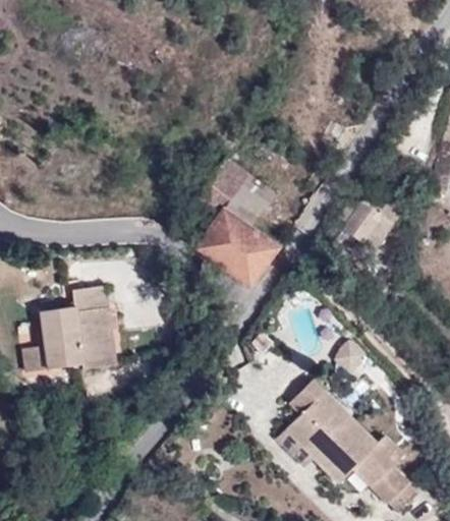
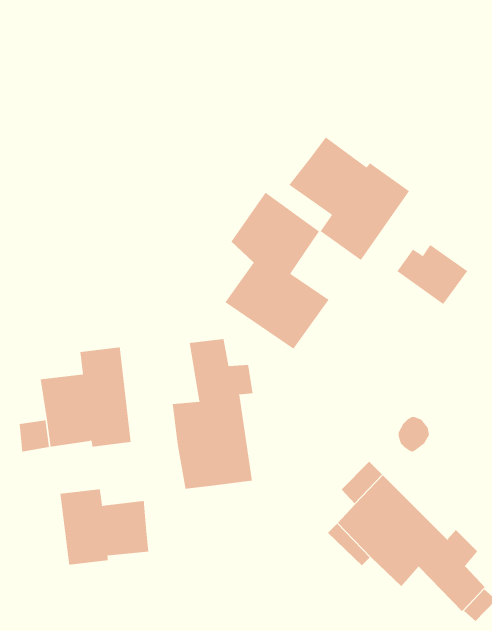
building: none -> [289,136,410,261]
building: none -> [172,338,253,489]
building: none -> [60,488,149,566]

